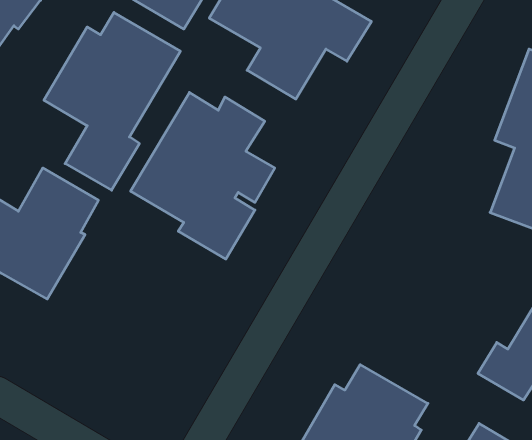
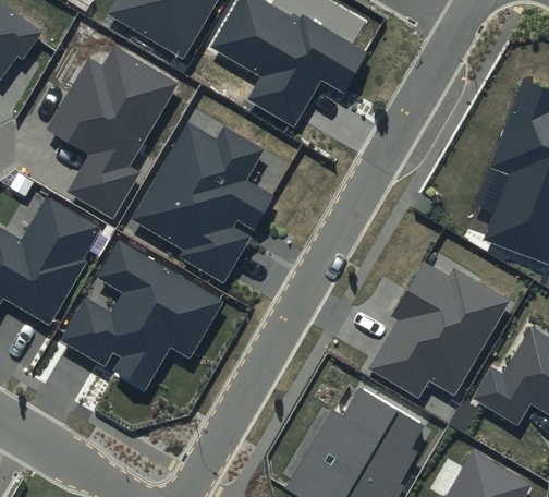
building: none -> [61,242,222,390]
building: none -> [369,260,511,397]

